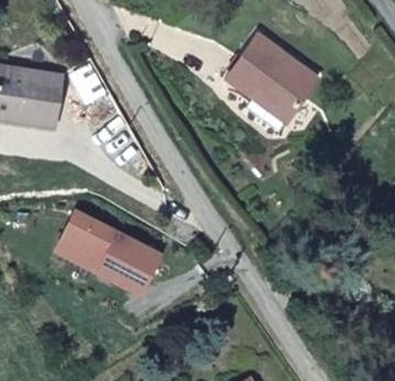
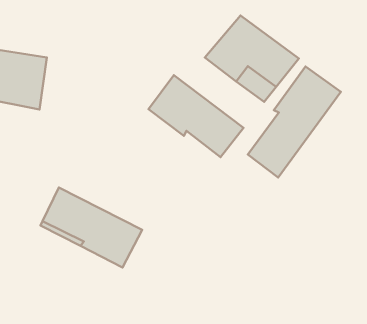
building: none -> [248,66,341,178]
building: none -> [148,75,243,157]

